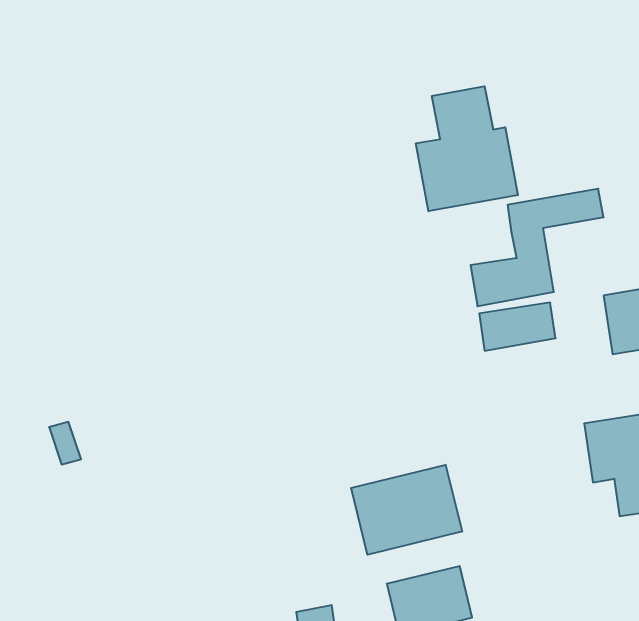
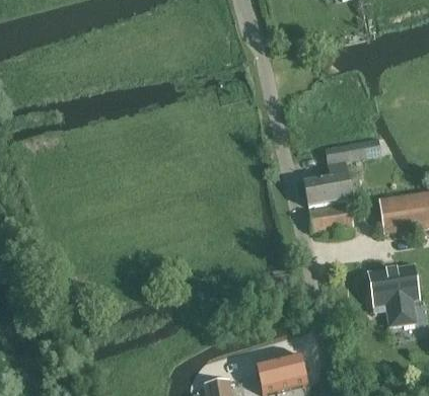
building: [416,86,518,211] -> none
building: [351,465,462,555] -> none

